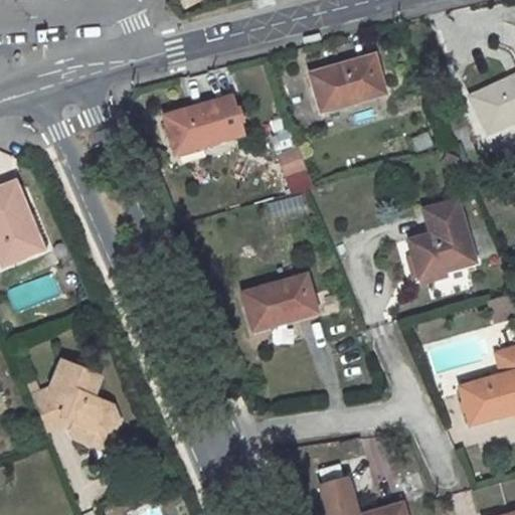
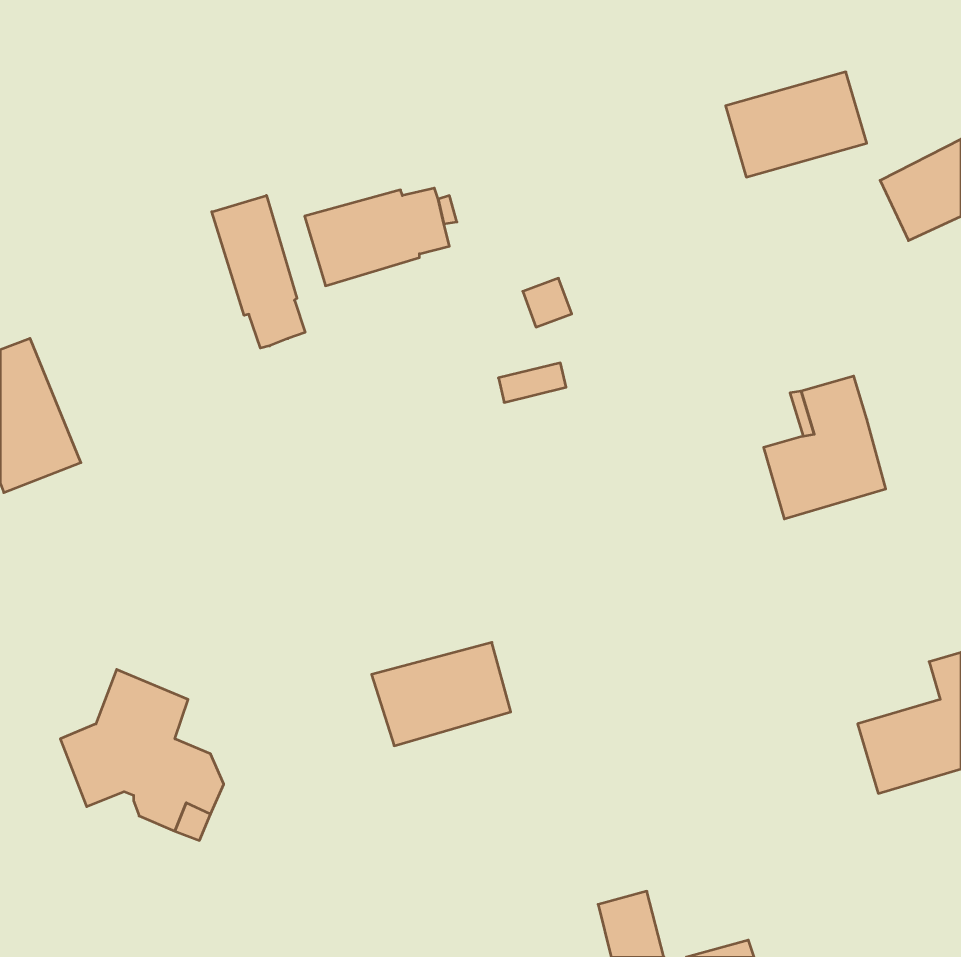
building: [309,55,384,112] -> [726,72,867,177]
building: none -> [212,195,305,348]
building: [241,275,316,330] -> [372,642,511,746]

